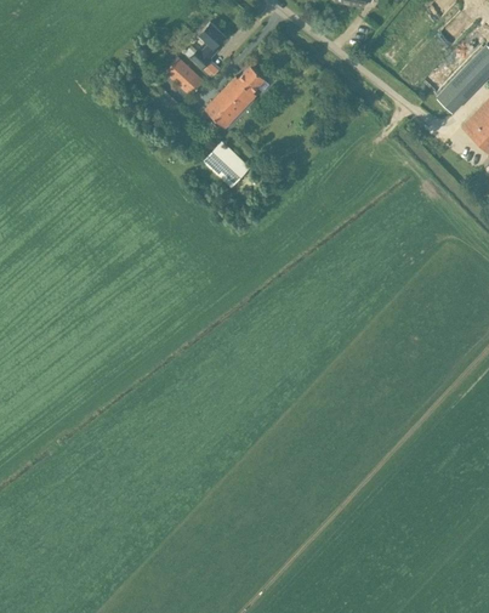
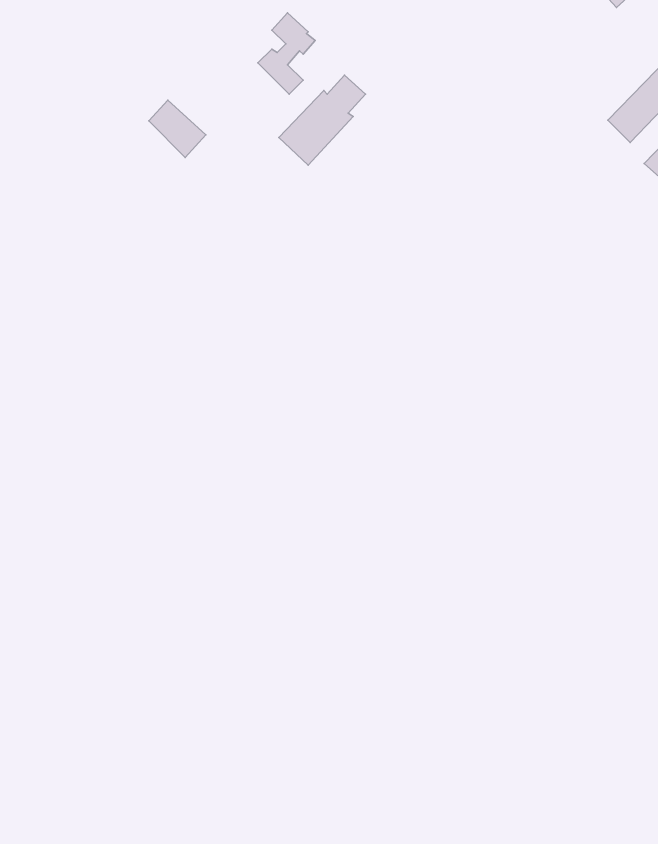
building: [164,57,204,97] -> [149,100,206,157]
building: [203,142,249,187] -> none

